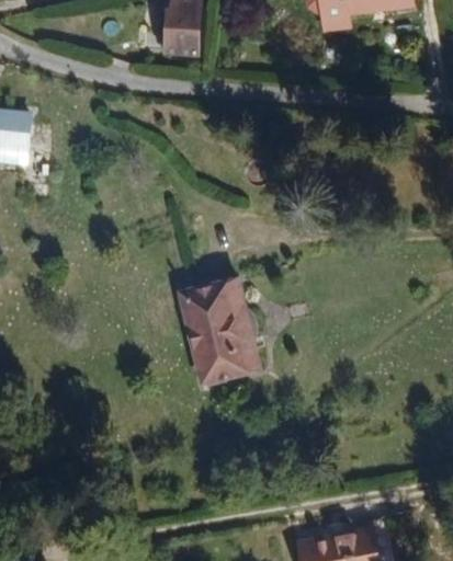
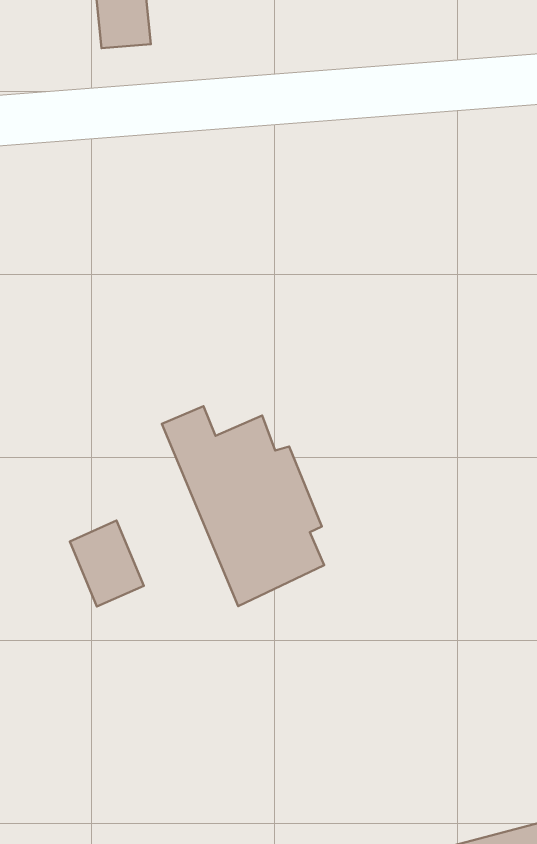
building: none -> [70,521,144,606]

